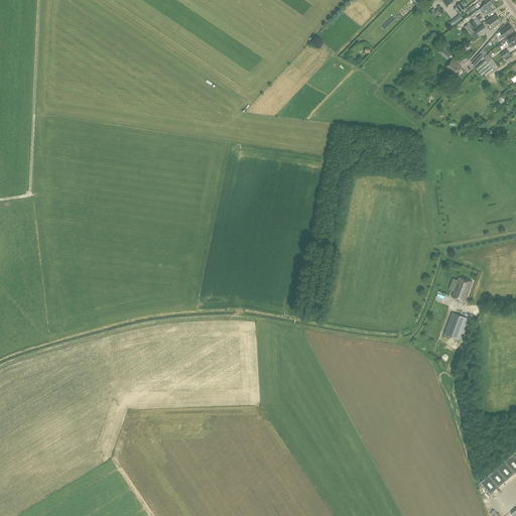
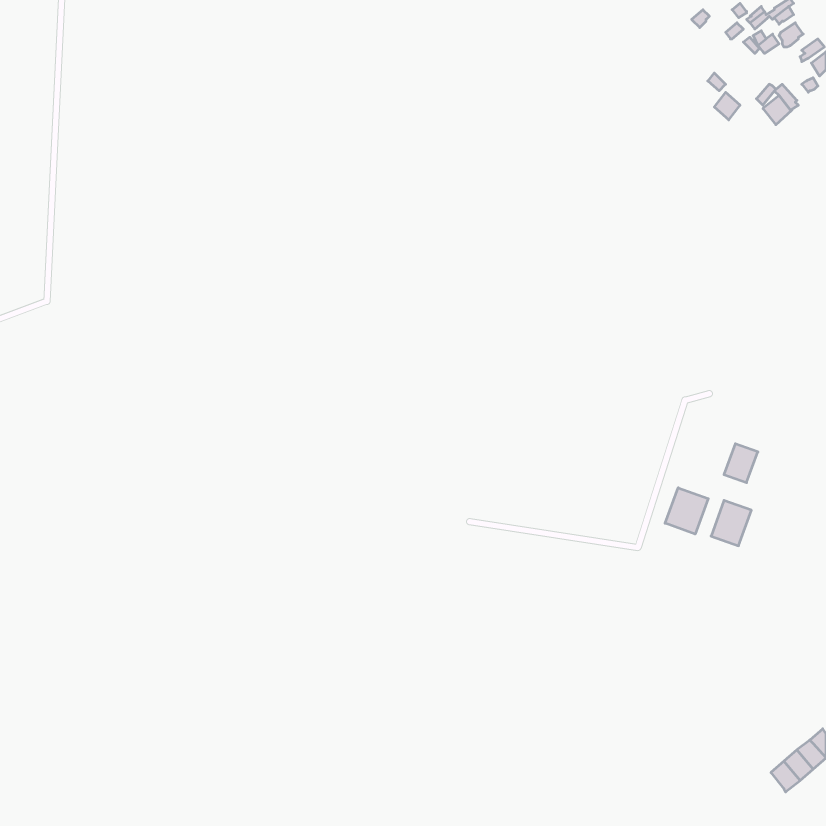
building: none -> [665,488,708,534]

